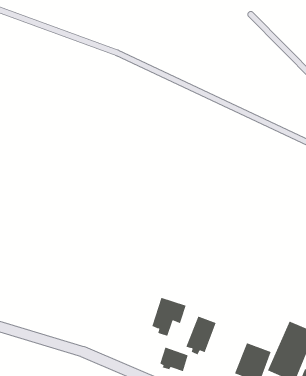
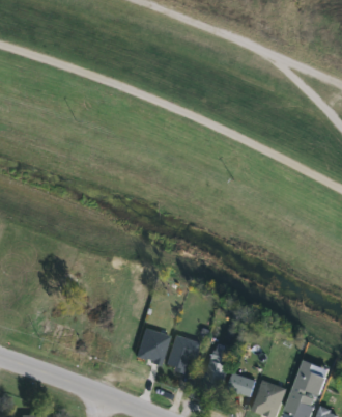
building: none -> [131,327,169,364]
building: [160,347,189,372] -> [225,372,254,397]

